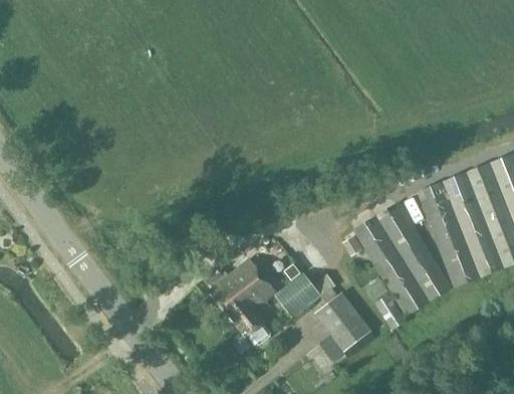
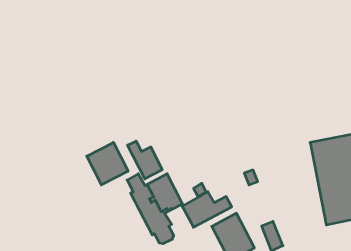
building: [353,201,454,317] -> none
building: none -> [128,141,162,179]
building: none -> [87,142,128,185]

